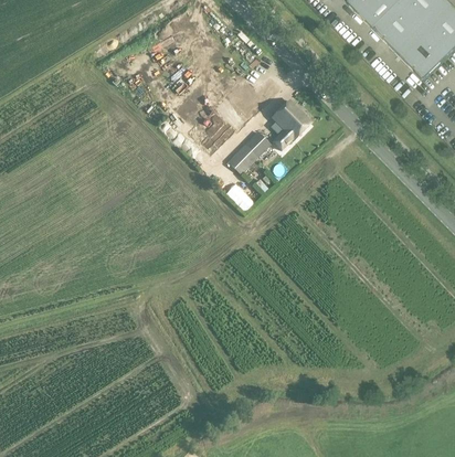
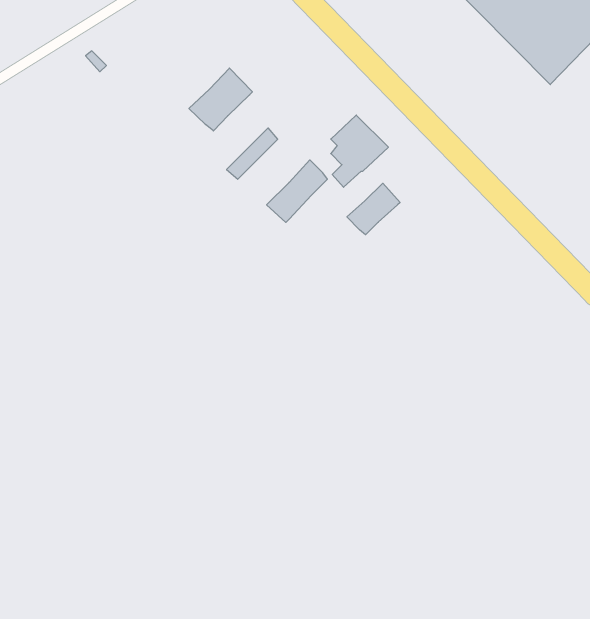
building: none -> [189,68,252,131]
building: none -> [347,183,400,235]

